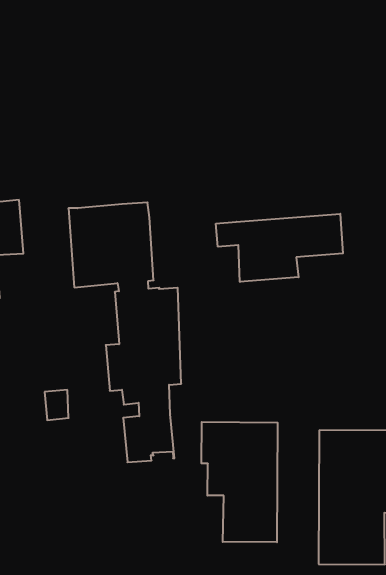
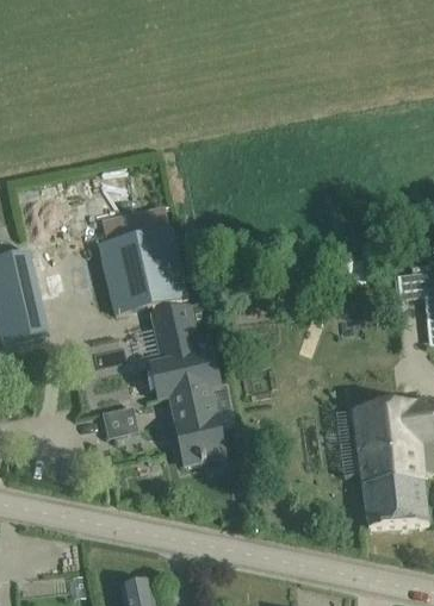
building: [216,214,343,282] -> none
building: [201,422,278,542] -> none

